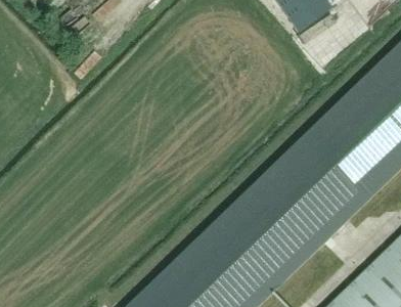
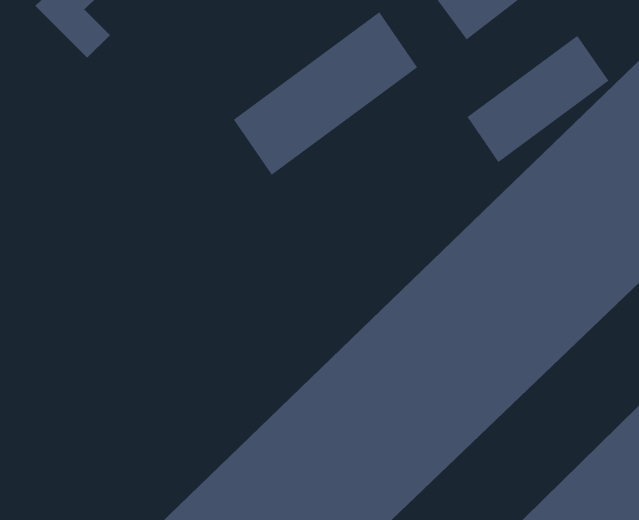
building: none -> [233,11,418,176]
building: none -> [467,35,609,163]

